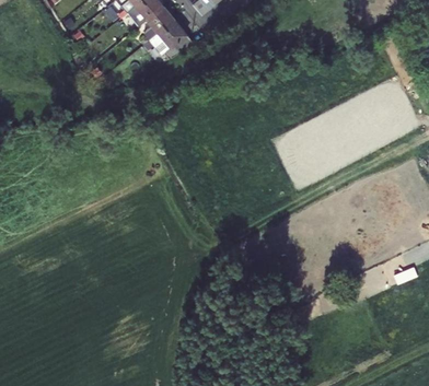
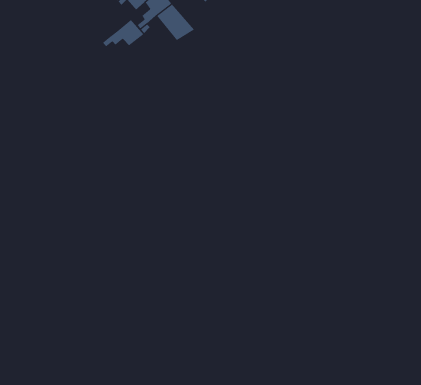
building: none -> [102,19,144,47]

